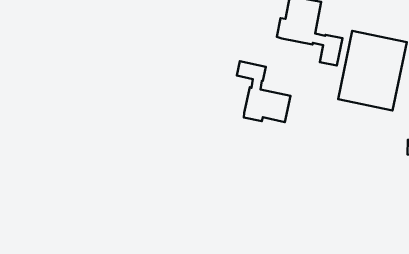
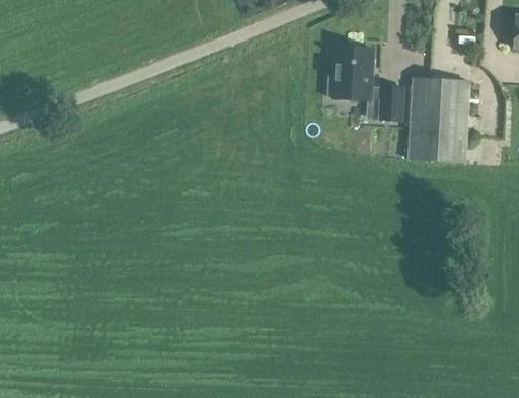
building: [237,61,291,122] -> none

